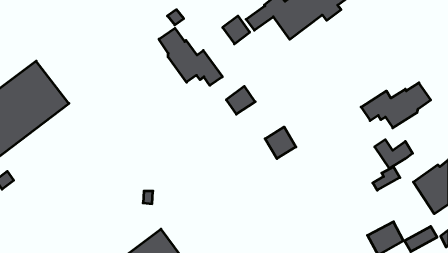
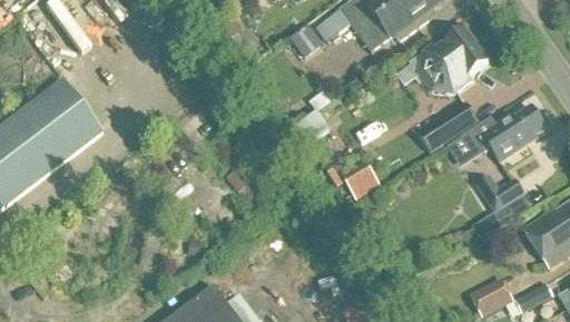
building: none -> [419,27,489,91]
building: [159,28,222,85] -> none
building: none -> [419,101,479,150]

